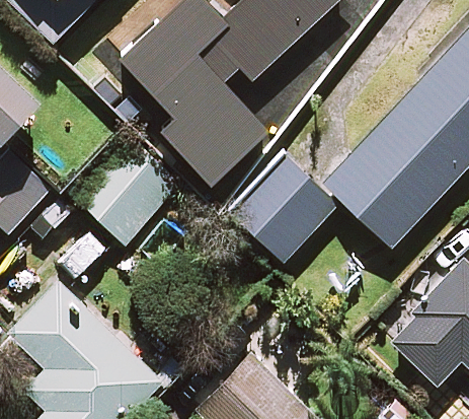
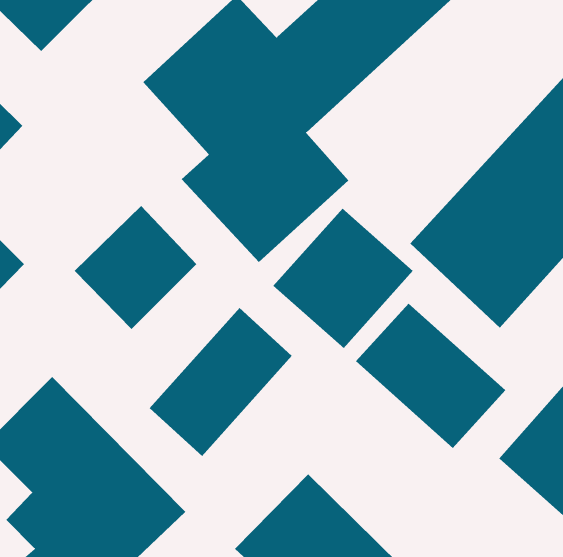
building: none -> [355,303,506,449]
building: none -> [149,307,293,457]

